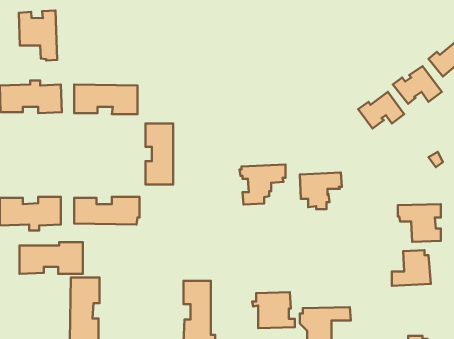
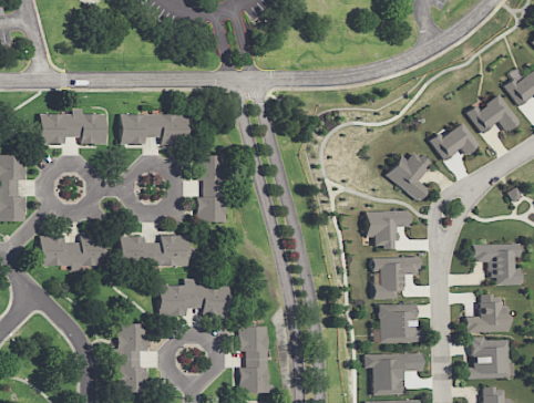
building: [19,10,57,60] -> none
building: none -> [386,149,432,200]
building: [239,165,285,204] -> [370,256,420,299]
building: [19,242,83,274] -> [161,282,229,317]
building: none -> [468,338,509,380]
building: [252,292,295,328] -> [374,303,421,342]

